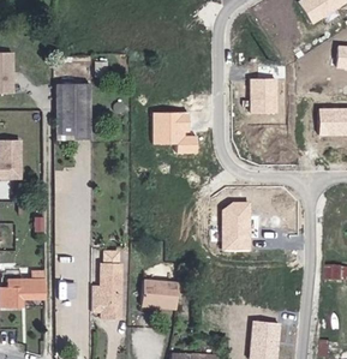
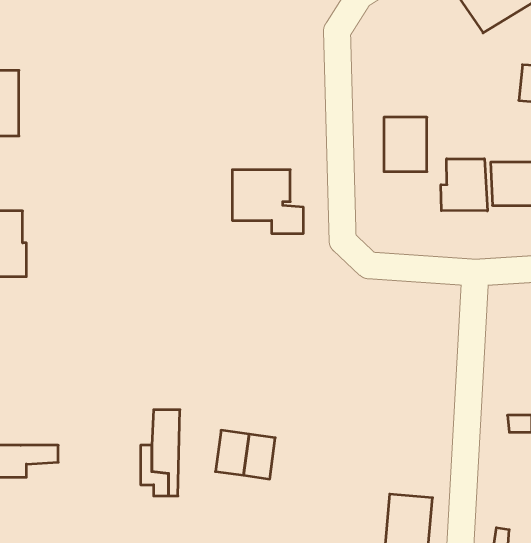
building: [52,83,89,138] -> none
building: none -> [441,159,487,211]
building: [221,201,252,251] -> none

